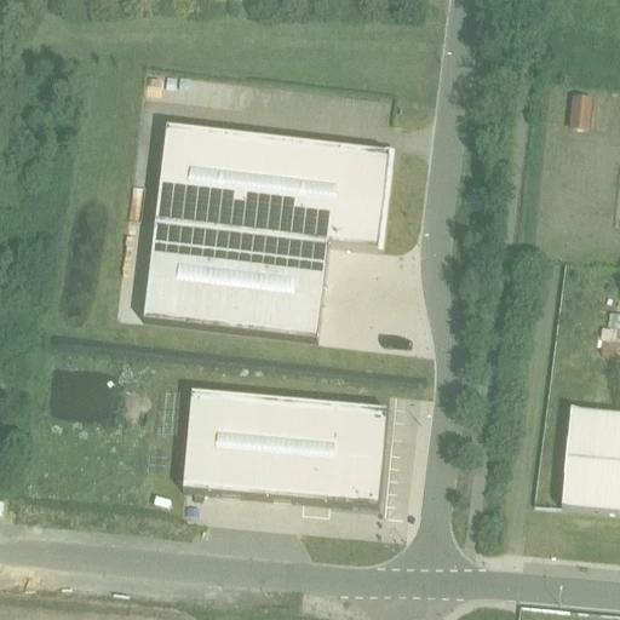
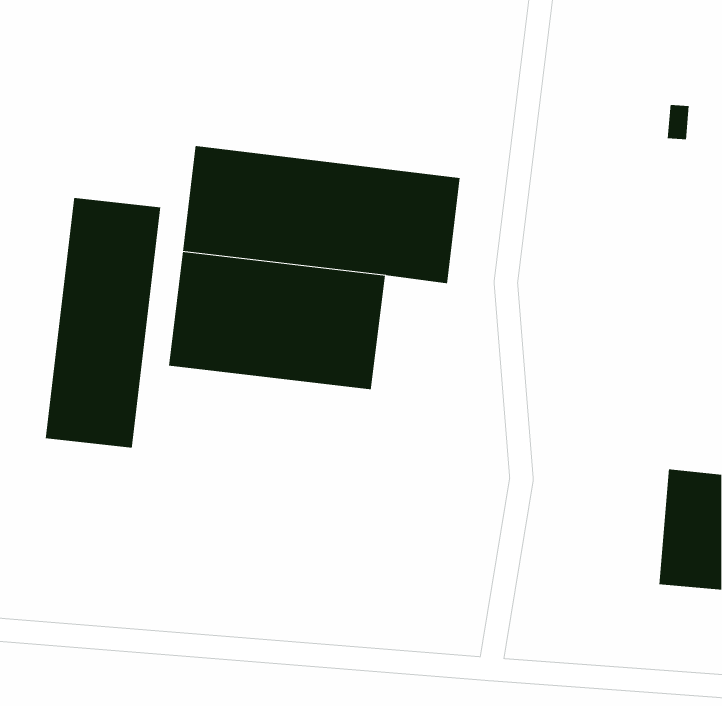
building: none -> [45,197,161,448]
building: [177,386,383,500] -> none

